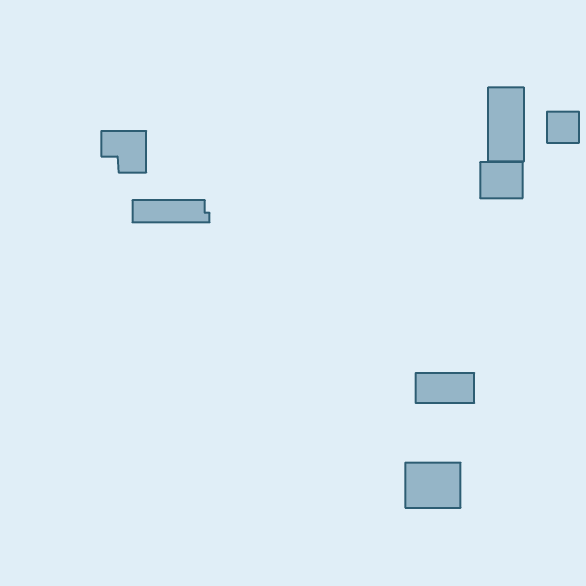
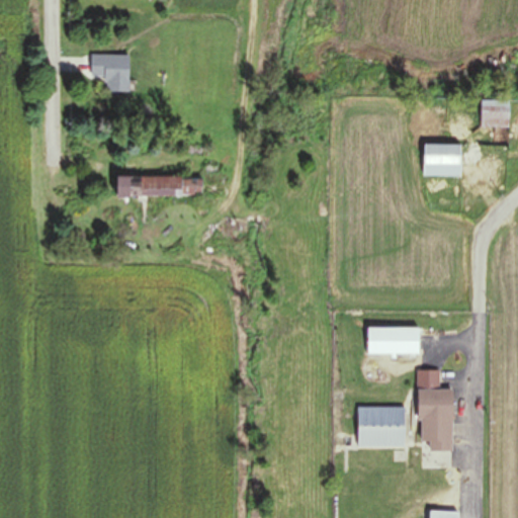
building: [488,87,524,162] -> none
building: [101,131,146,172] -> [91,54,131,90]
building: none -> [418,370,452,451]

